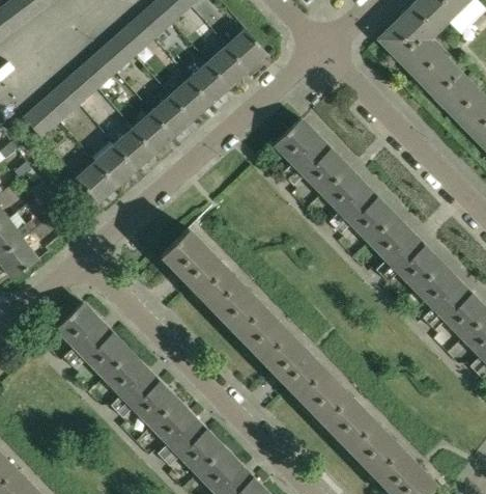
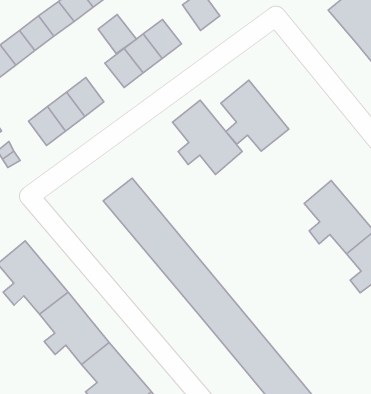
building: [207,45,248,85] -> none
building: [133,111,173,152] -> [98,15,136,54]
building: [320,165,395,241] -> [172,100,242,175]

